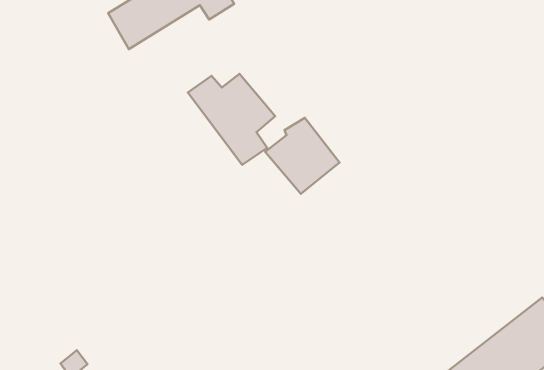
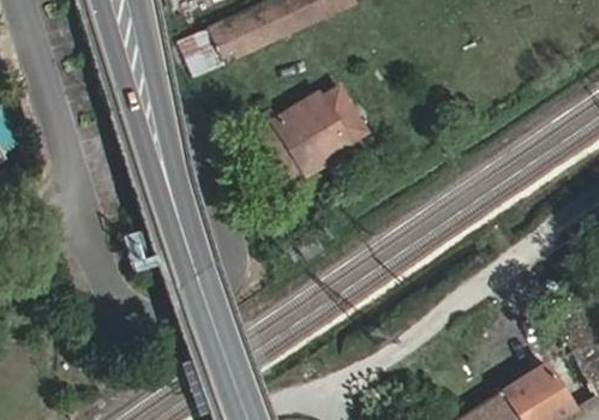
building: [265,118,340,194] -> [304,80,372,151]

